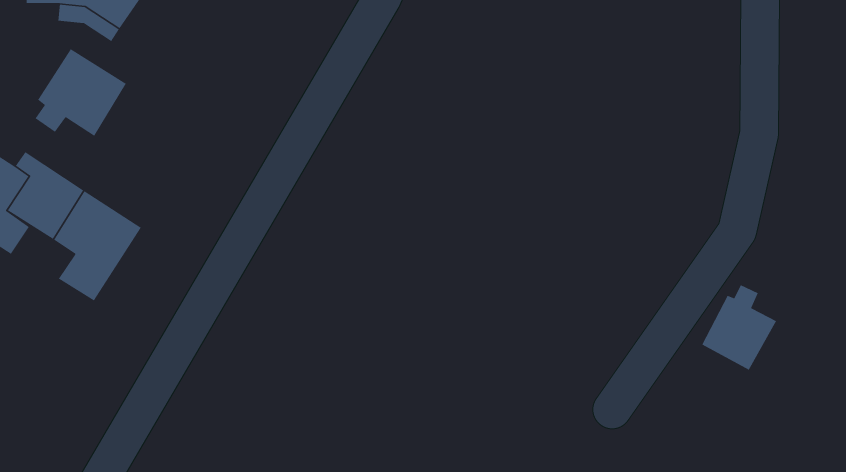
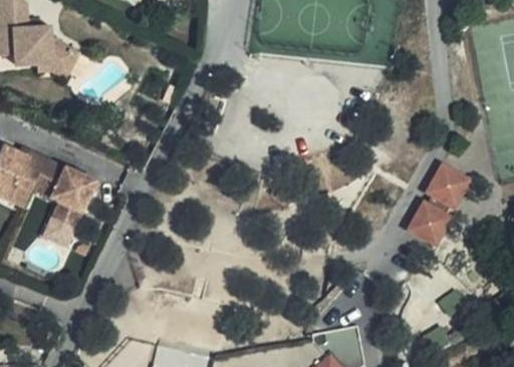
building: [35,48,127,137] -> none
building: none -> [435,157,470,195]

